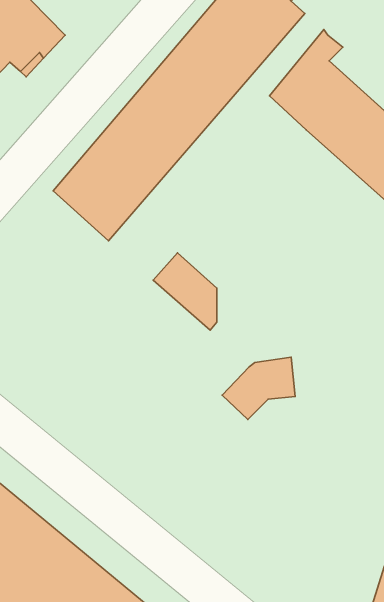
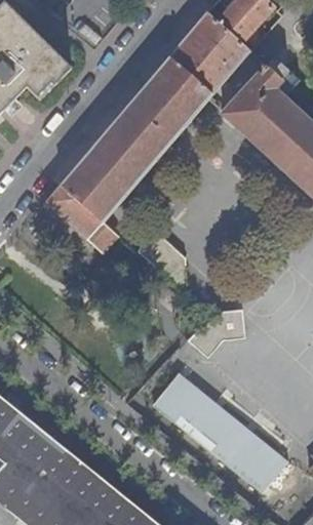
building: none -> [45,186,117,253]
building: none -> [154,374,287,492]

